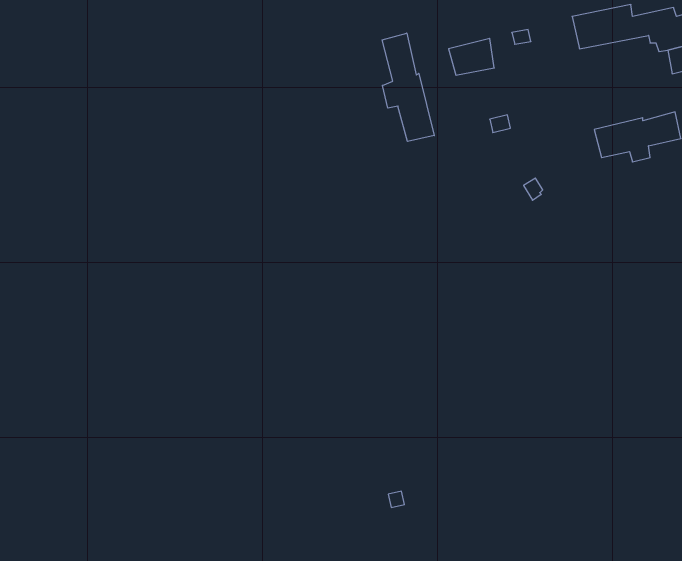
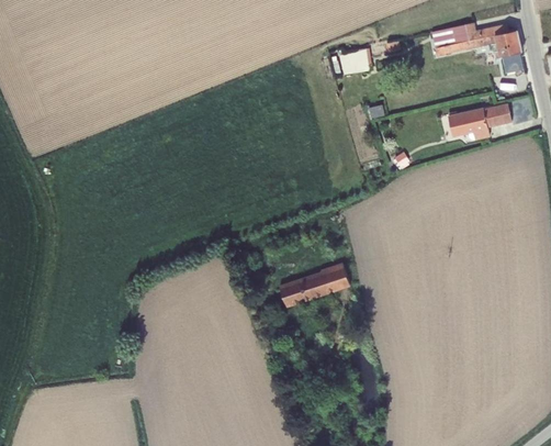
building: [382,33,434,141] -> none
building: none -> [279,263,350,308]

